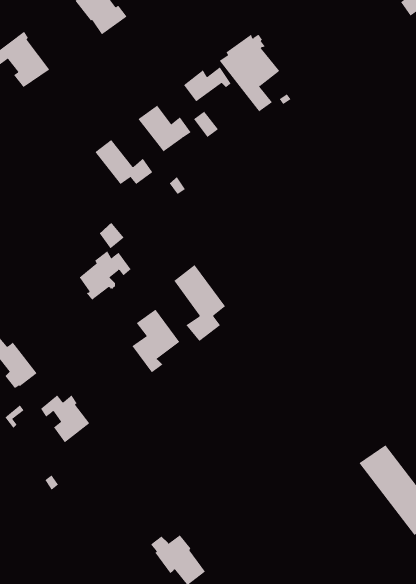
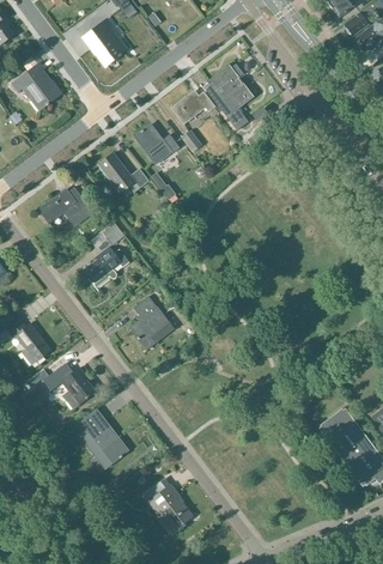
building: none -> [39,189,93,226]
building: [173,264,226,342] -> none
building: none -> [75,418,129,463]

